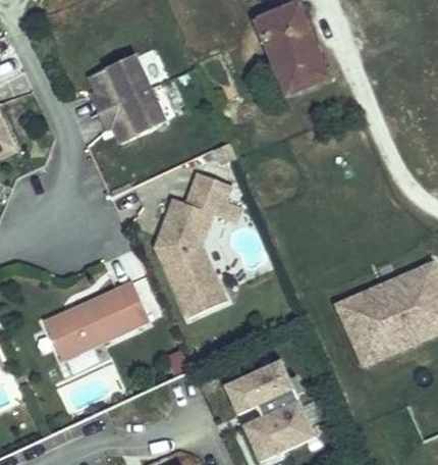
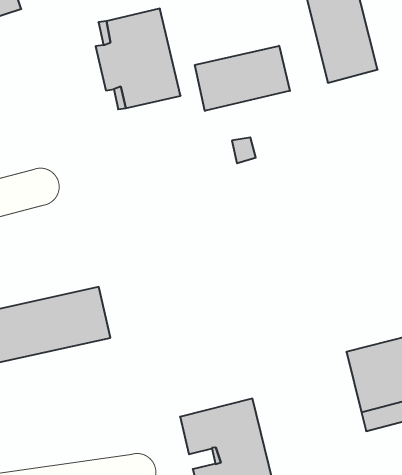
building: none -> [195,46,290,111]
building: [157,174,231,321] -> none

